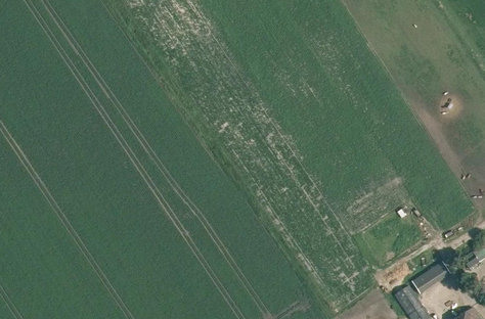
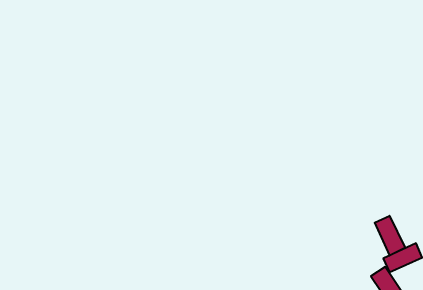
building: none -> [375,216,405,256]

